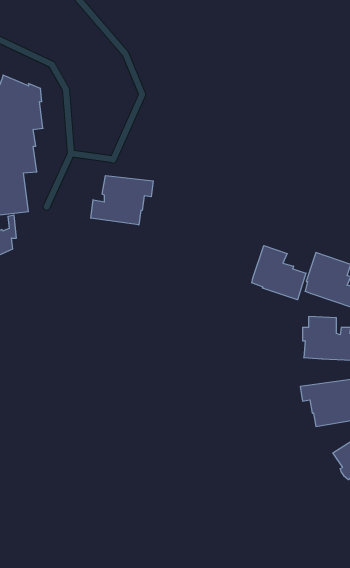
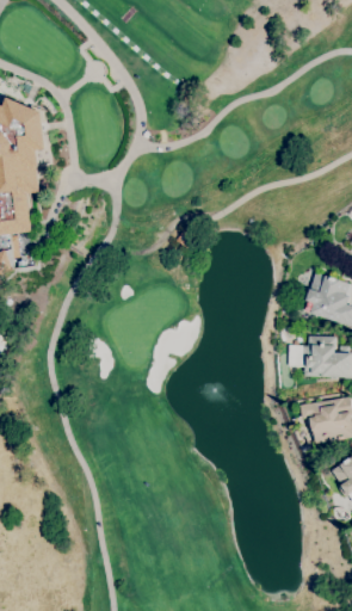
building: [91,176,153,225] -> none
building: [252,246,306,300] -> none

